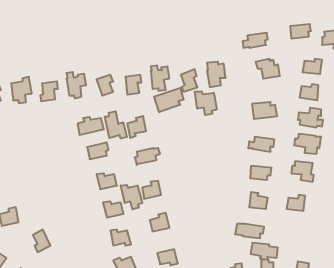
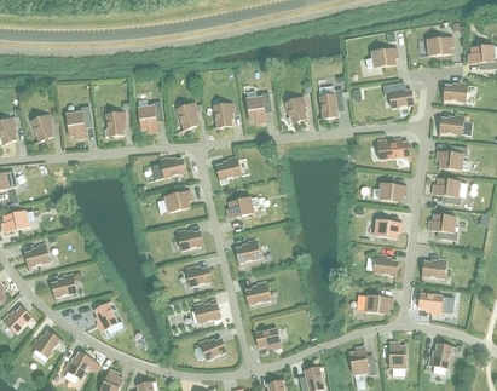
building: [154,88,184,112] -> none
building: [195,91,217,115] -> none
building: [105,111,127,139] -> none
building: [121,185,142,209] -> none
building: [251,243,278,260] -> [417,292,452,314]

